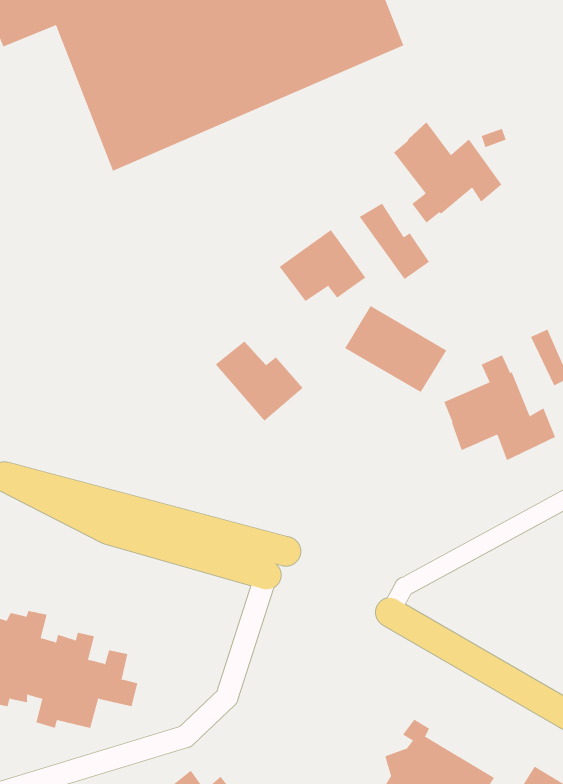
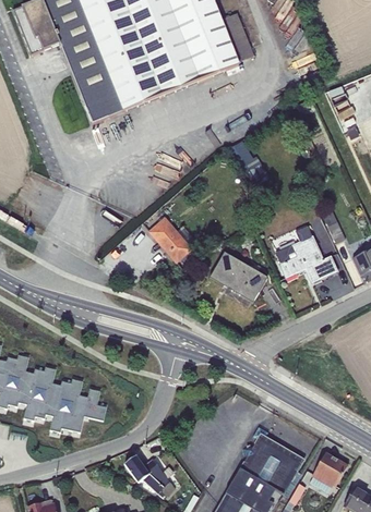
building: [393,122,502,224] -> none
building: [279,229,366,302] -> none
building: [343,305,447,396] -> [210,252,267,302]

